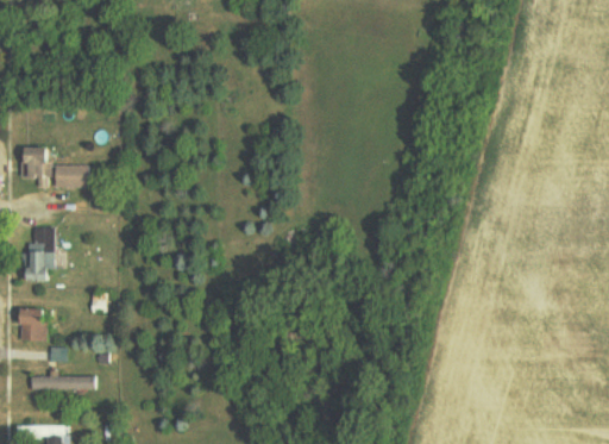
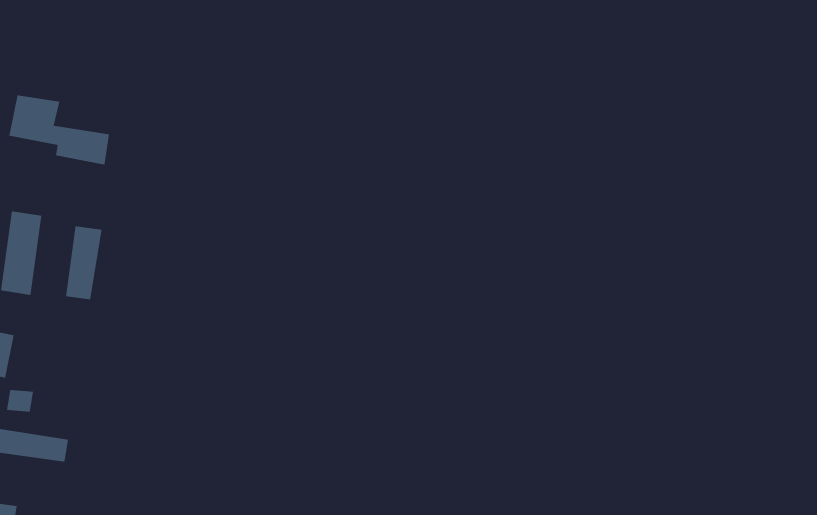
building: none -> [65,225,102,300]

